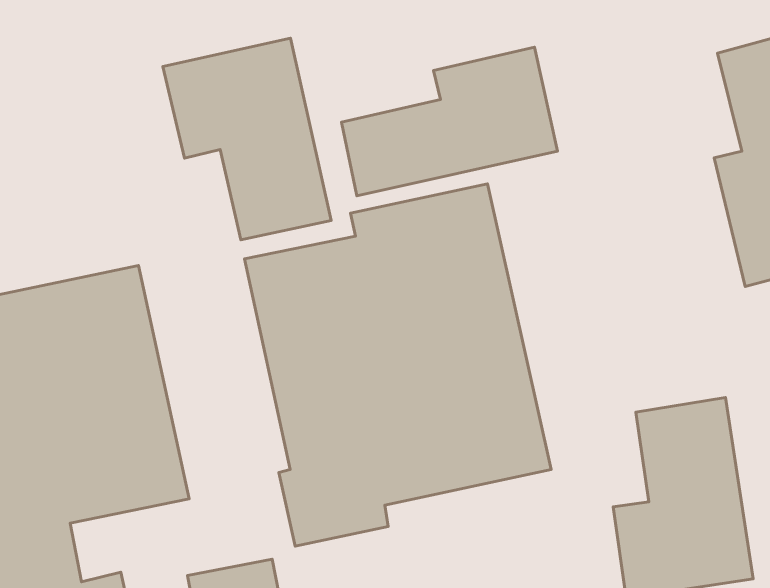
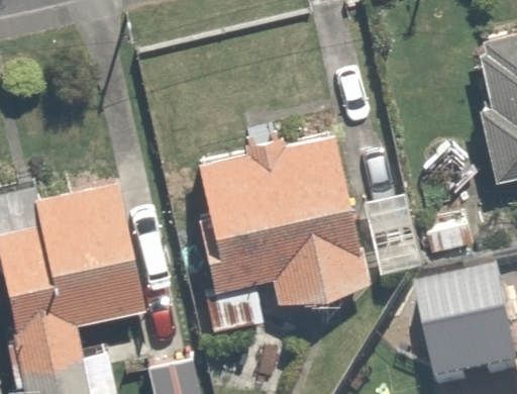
building: [163,38,331,240] -> none
building: [341,47,557,196] -> none

